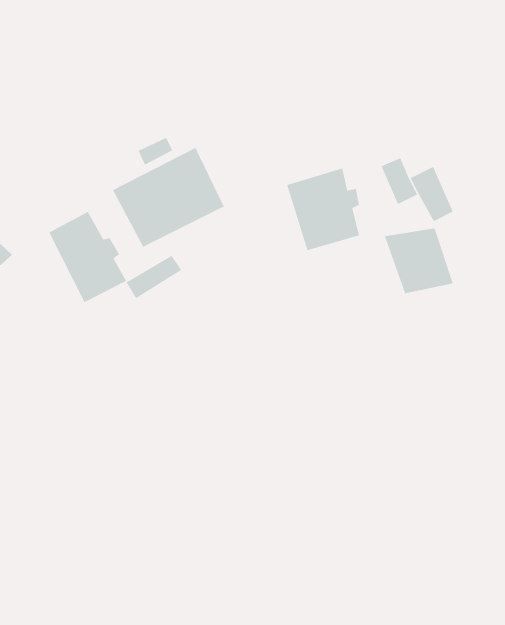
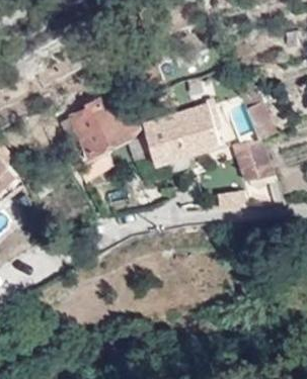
building: none -> [143,117,187,166]
building: [48,211,127,303] -> none

